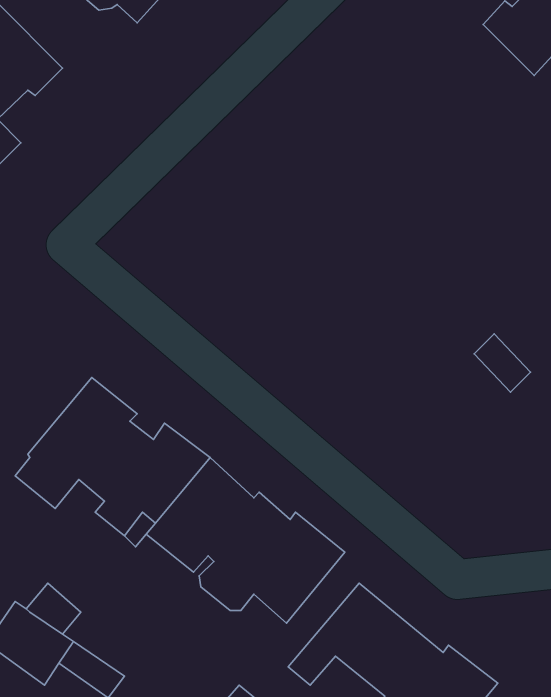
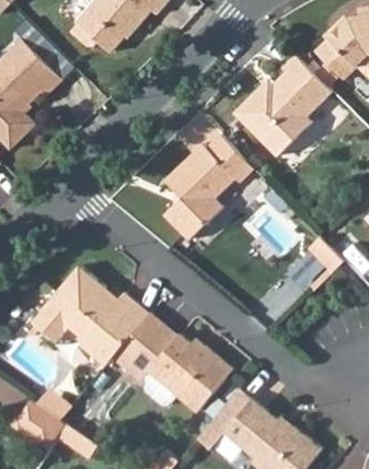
building: none -> [232,56,333,159]
building: none -> [163,133,253,241]

